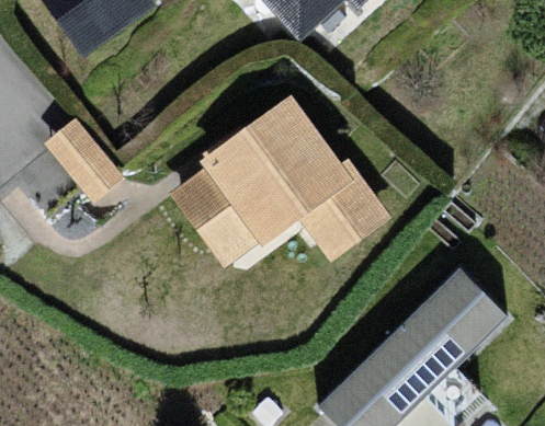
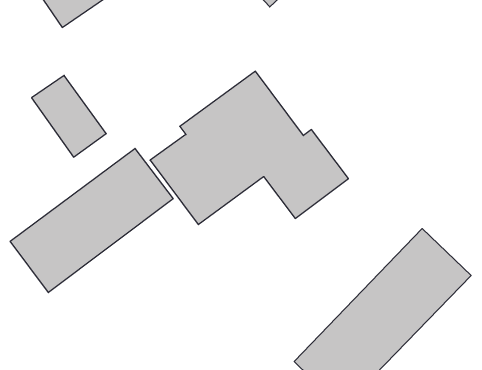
building: none -> [10,148,173,293]

